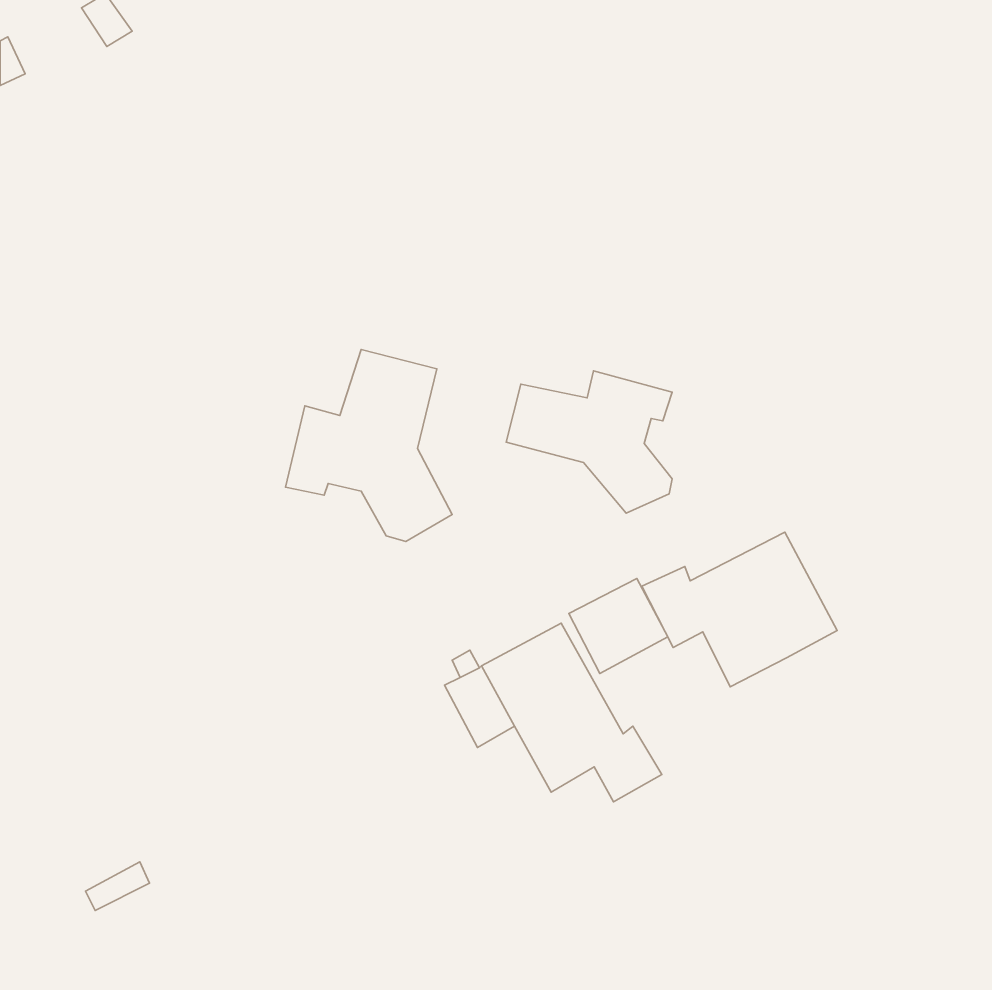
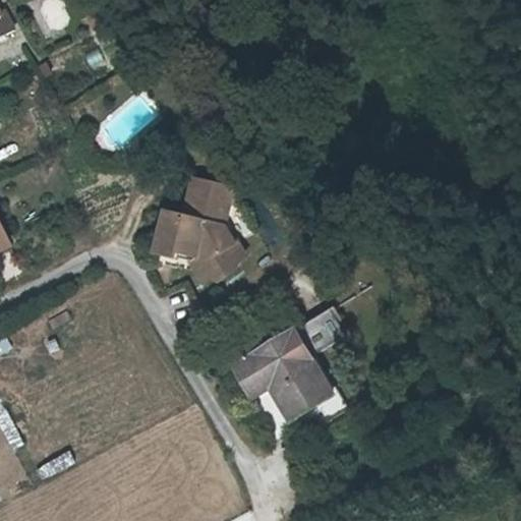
building: [506,371,672,513] -> none
building: [642,532,837,687] -> none

